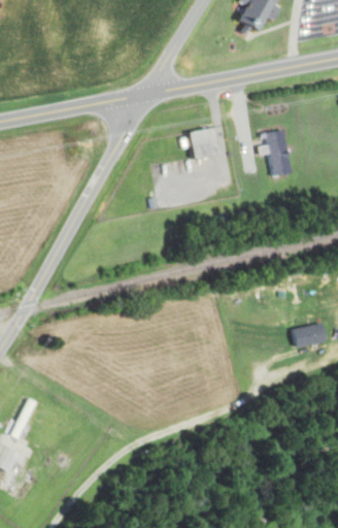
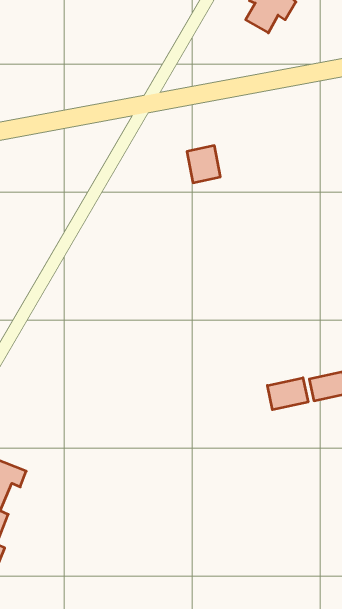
building: [267,130,291,176] -> none
building: none -> [267,378,308,410]

